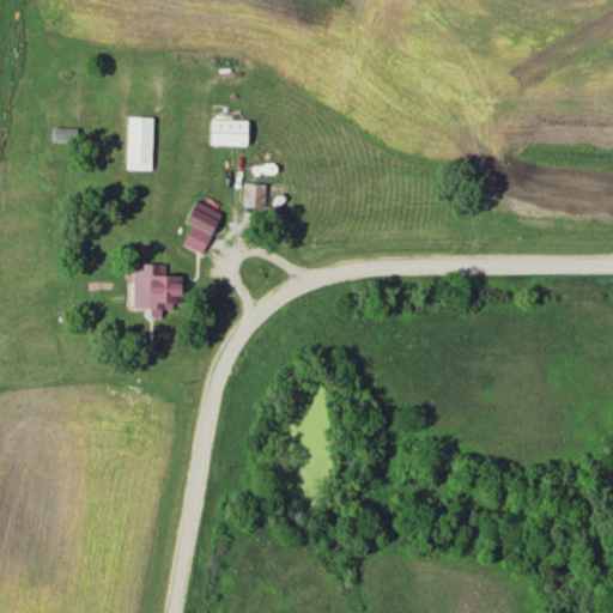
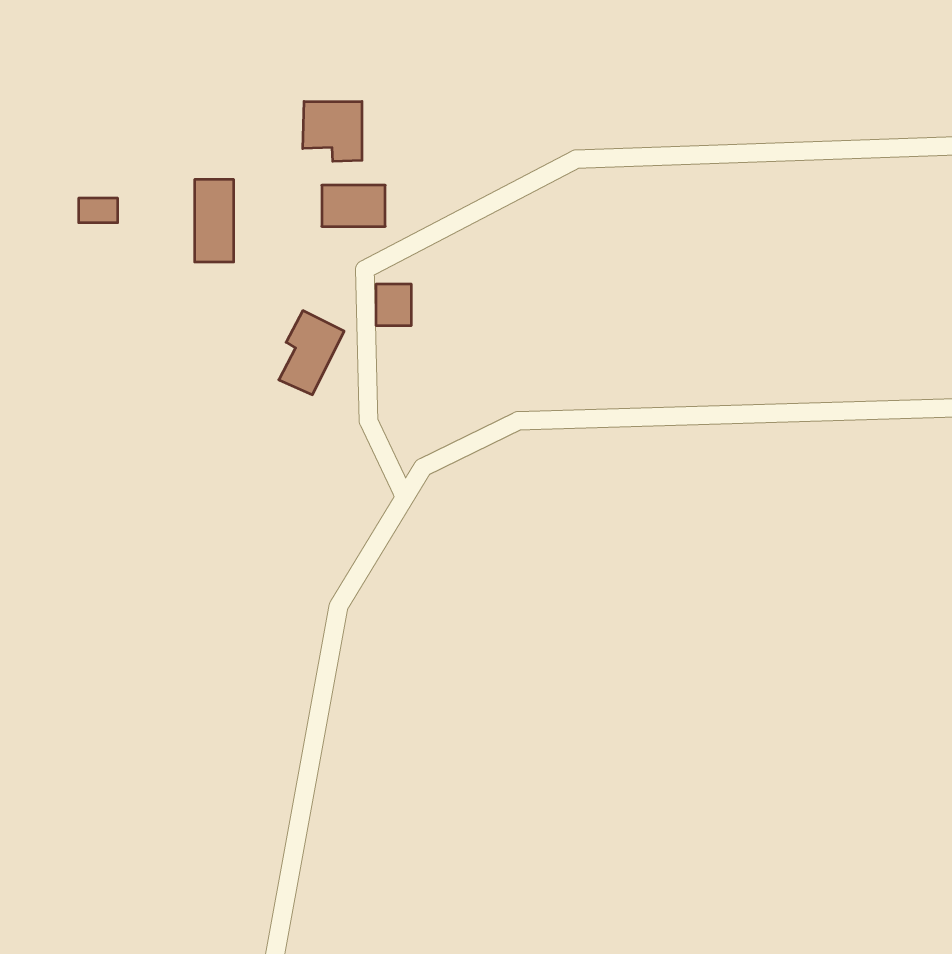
building: none -> [303,101,362,161]
building: [145,275,178,315] -> none

